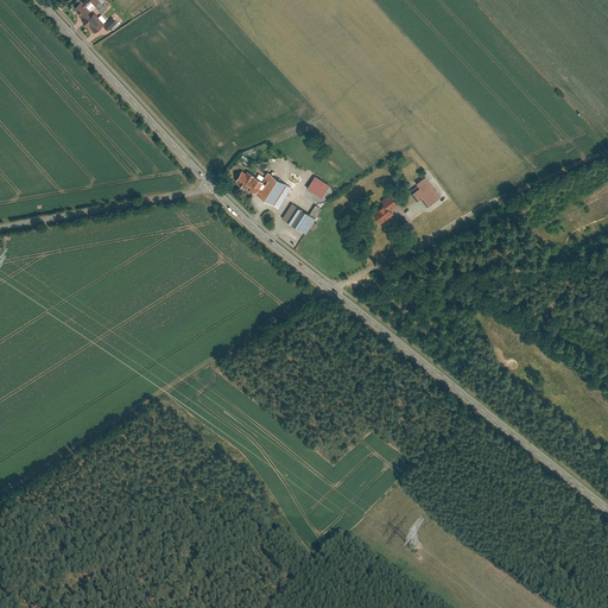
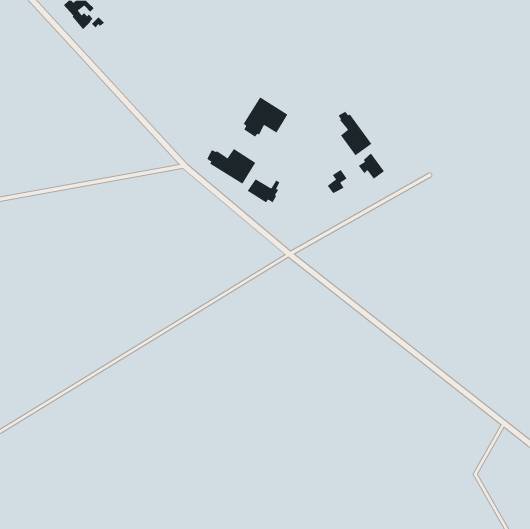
building: none -> [243,97,288,138]
building: none -> [338,111,372,156]

